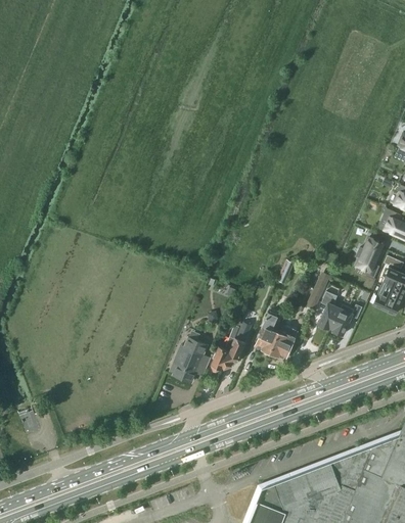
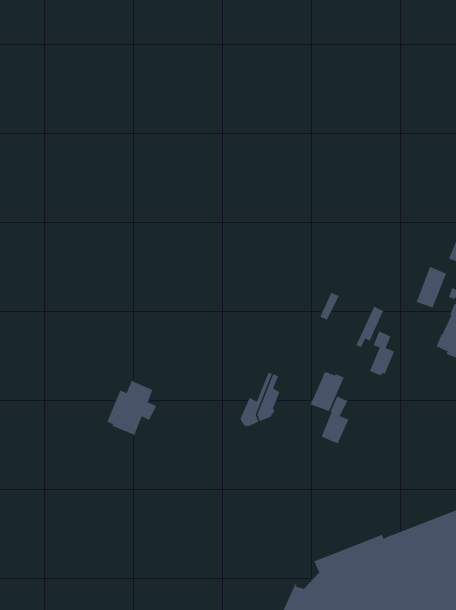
building: [331,303,362,335] -> none
building: [255,312,278,351] -> [321,396,349,444]
building: [169,336,211,382] -> [106,380,157,436]

